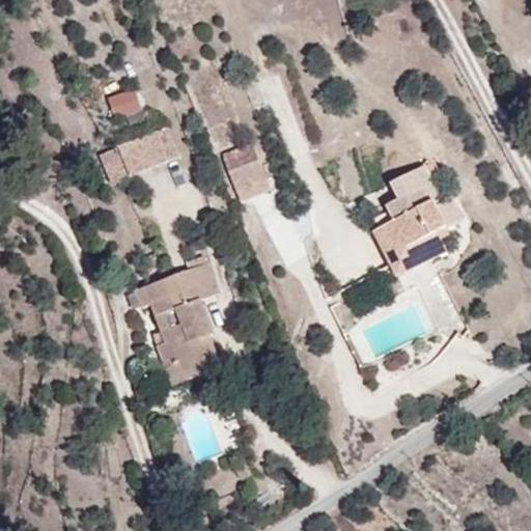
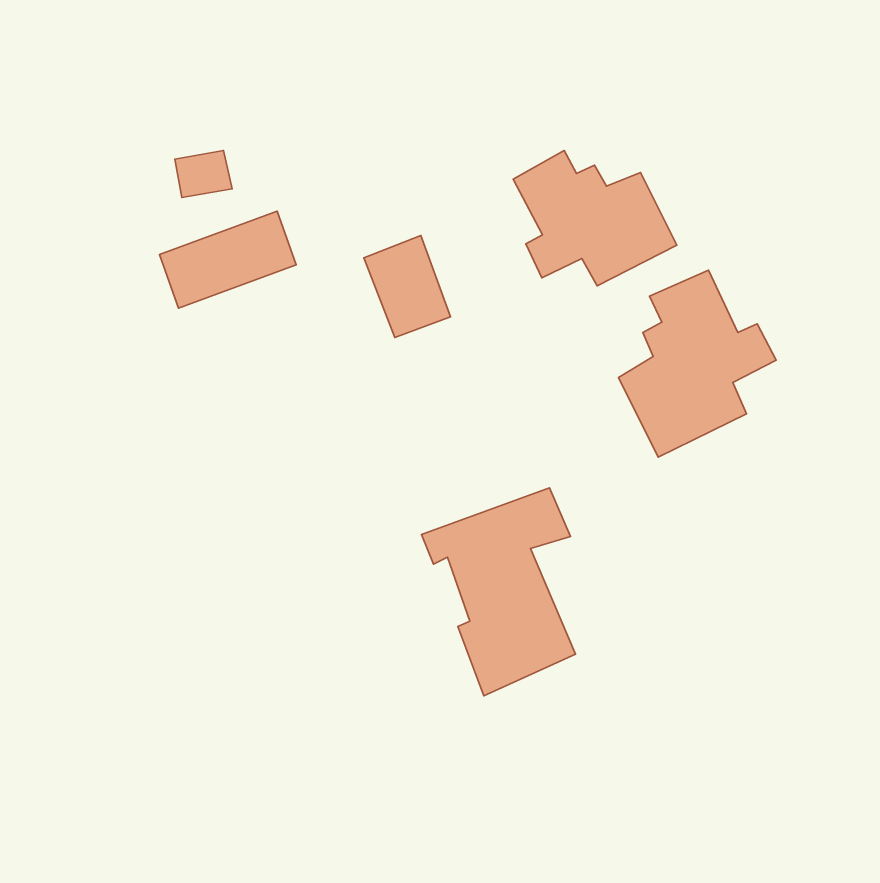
building: none -> [513,150,677,286]
building: [133,260,225,385] -> [421,488,576,696]

